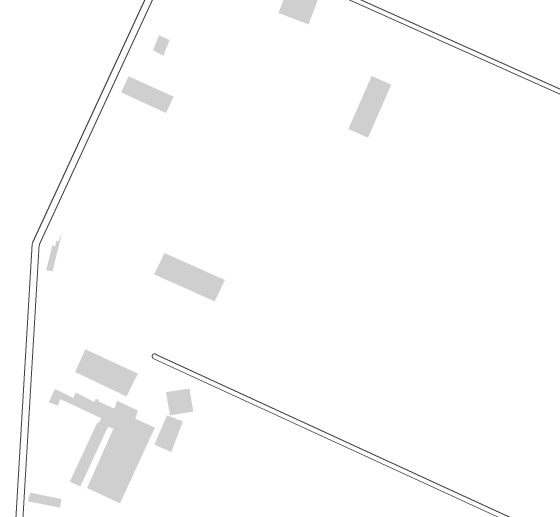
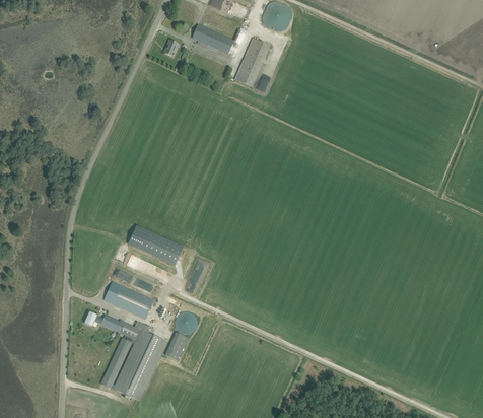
building: [347,75,392,139] -> [233,38,268,86]
building: [120,75,174,114] -> [192,24,233,54]
building: [153,252,226,302] -> [127,226,183,265]

